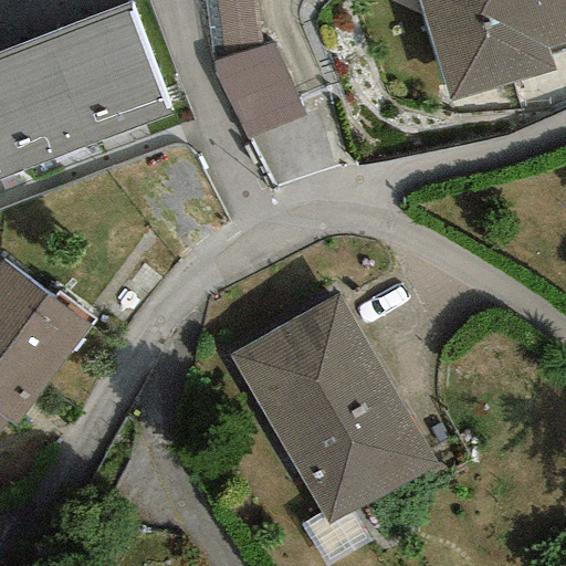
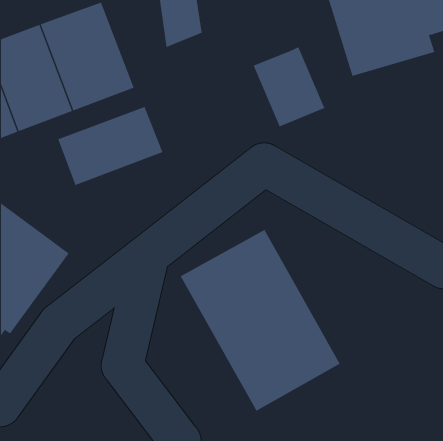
building: [212,36,304,139] -> [253,46,325,127]
building: none -> [57,106,163,186]

